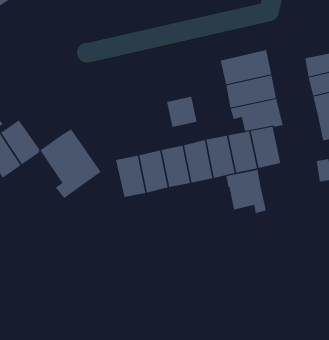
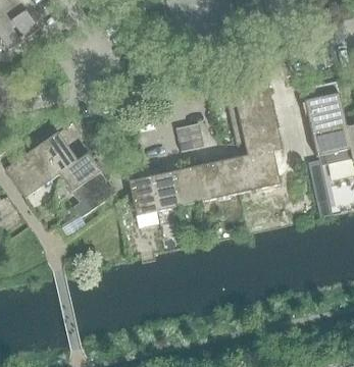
building: none -> [41,132,78,171]
building: [226,169,266,214] -> none

